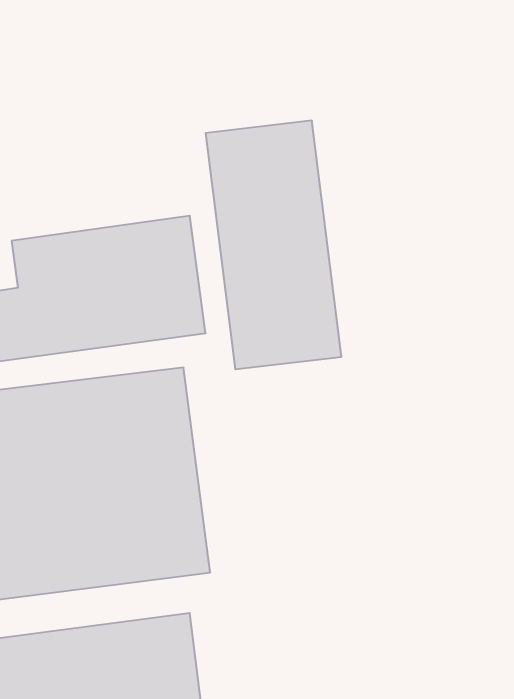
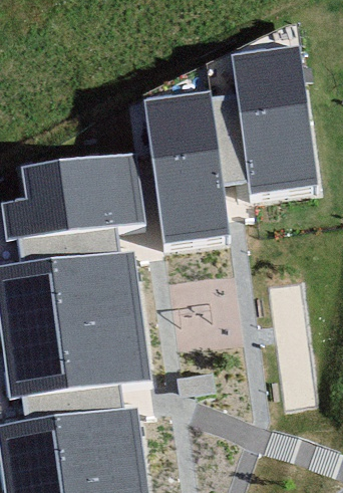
building: none -> [227,41,322,201]

